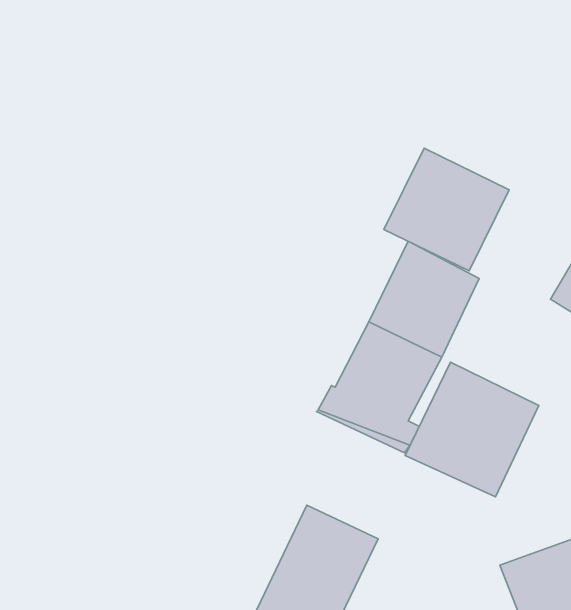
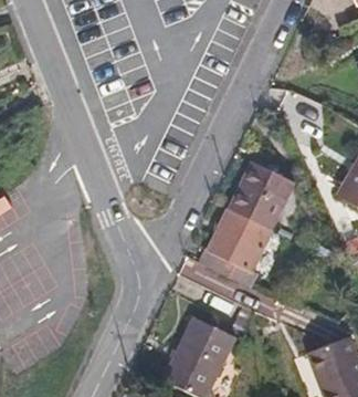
building: [384,148,509,271] -> none
building: [405,362,539,497] -> none

